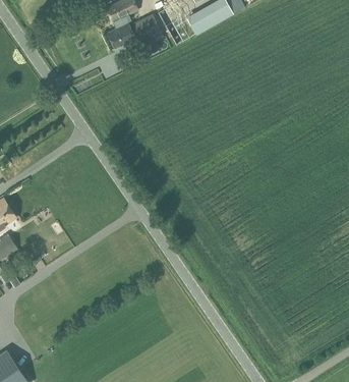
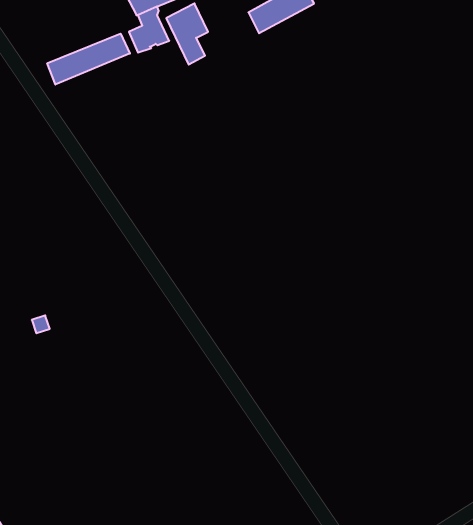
building: none -> [47,34,130,85]

